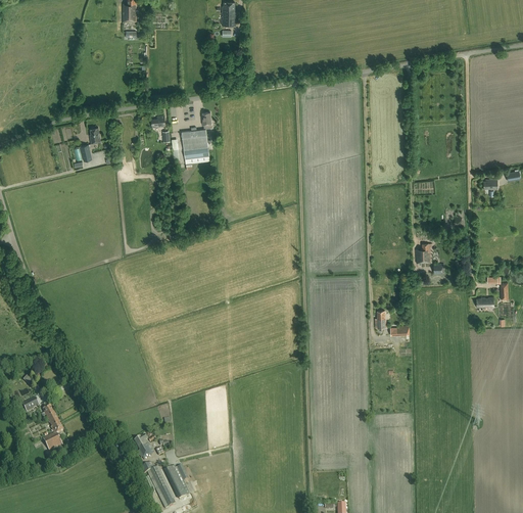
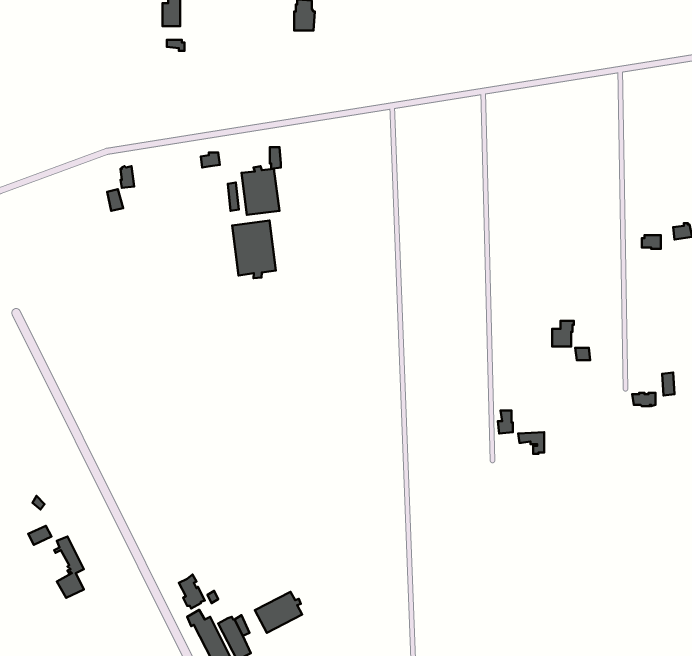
building: none -> [232,221,276,278]
building: none -> [255,592,302,633]

